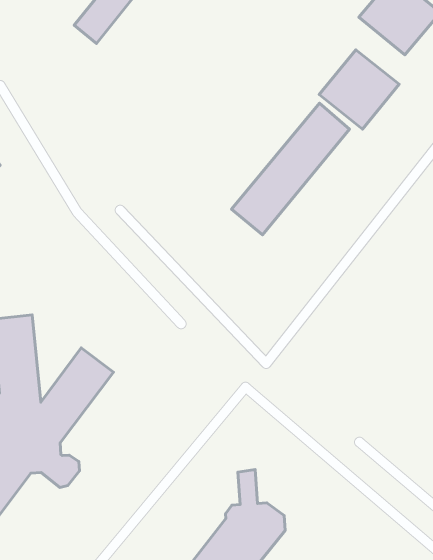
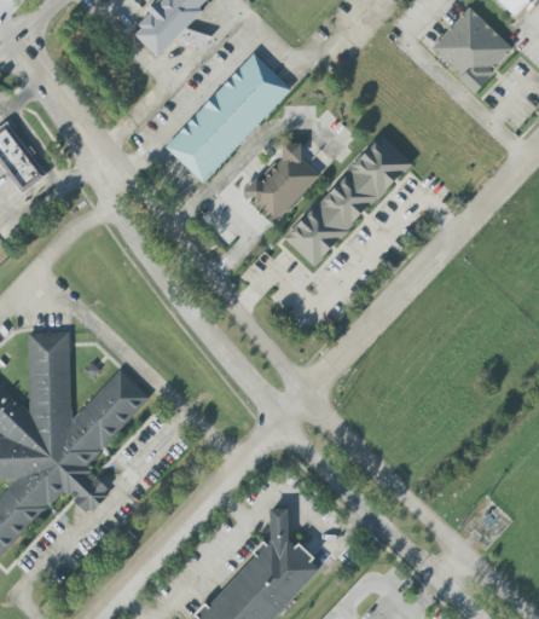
building: none -> [164,54,289,183]
building: [319,50,399,129] -> none
building: none -> [243,140,320,222]

